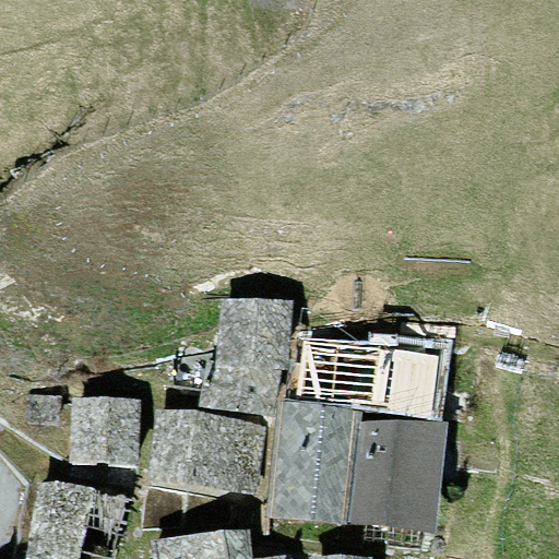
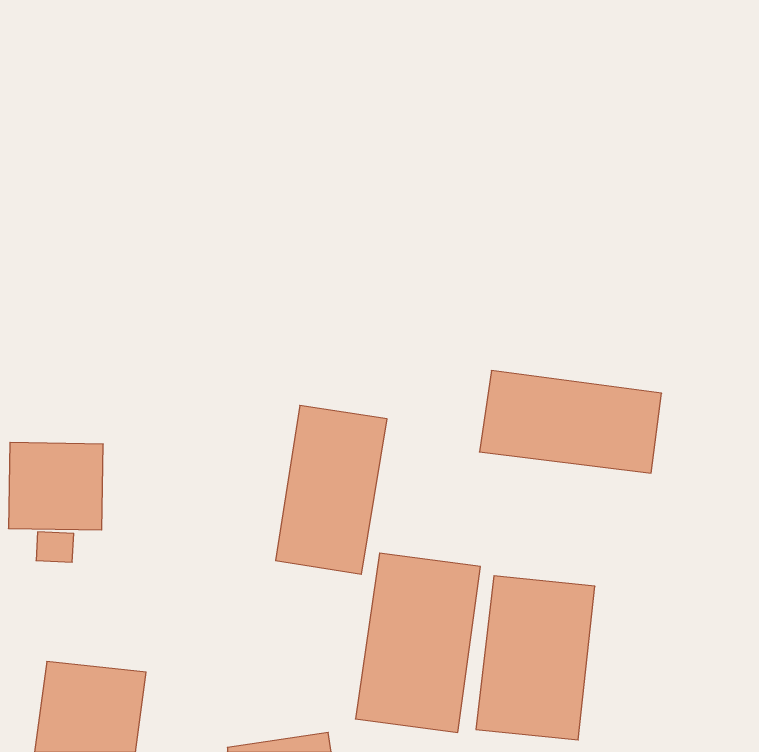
building: [310,337,442,412] -> [479,371,662,473]
building: [73,396,142,460] -> [8,442,103,530]
building: [148,412,248,490] -> none

